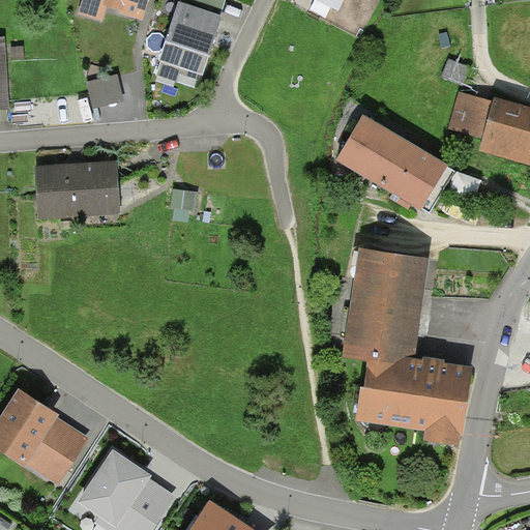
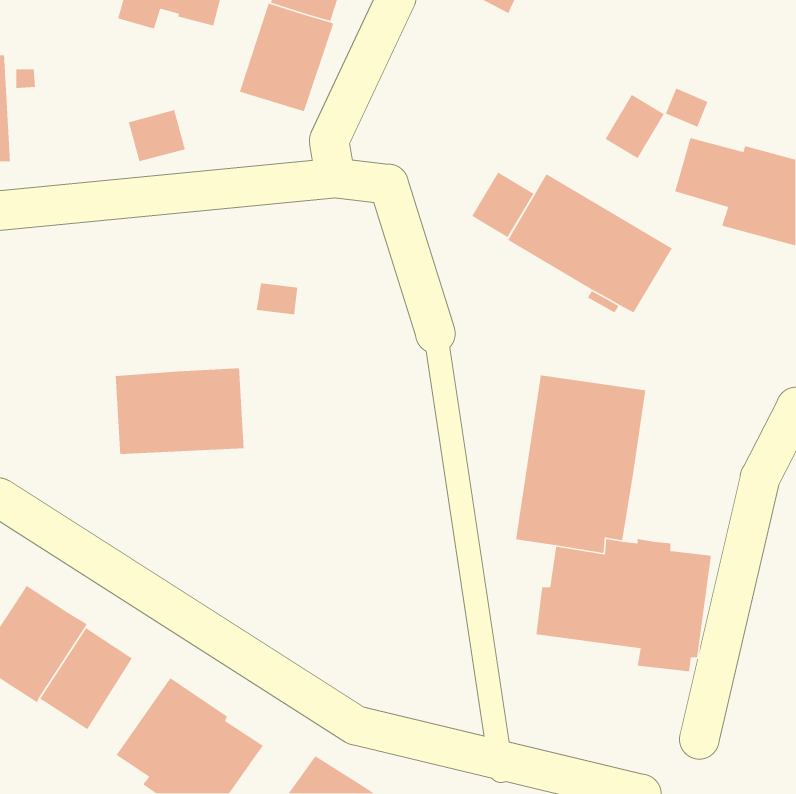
building: none -> [604,94,665,159]
building: none -> [471,172,535,238]
building: [34,160,120,218] -> [115,368,244,455]

